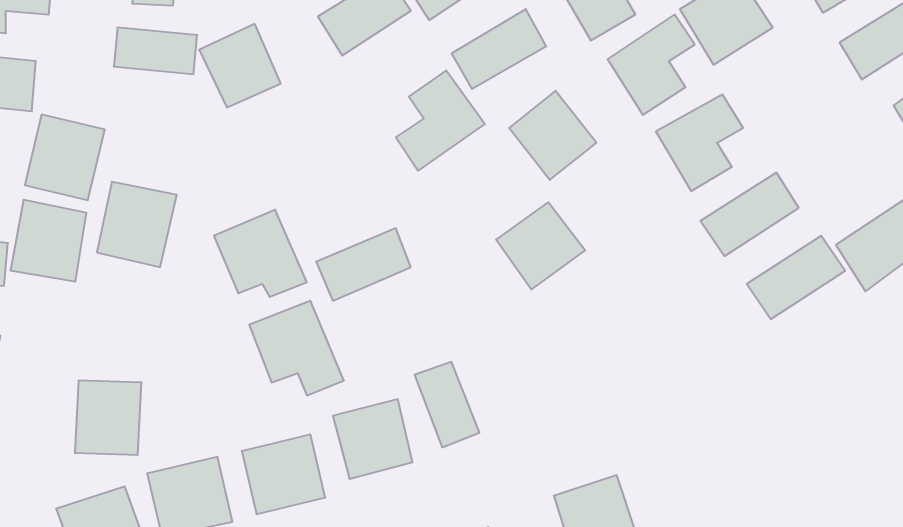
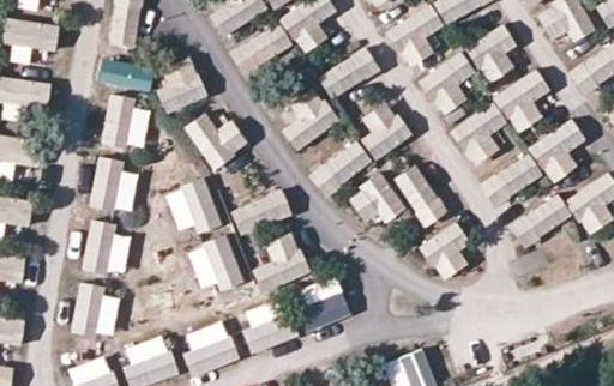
building: none -> [493,66,550,132]
building: none -> [185,113,248,169]
building: [25,115,105,200] -> [101,96,152,151]
building: none -> [529,117,592,177]
building: none -> [309,140,372,197]
building: none -> [393,162,449,227]
building: [10,200,87,282] -> [83,222,132,275]
building: none -> [417,223,470,269]
building: none -> [252,233,311,292]

